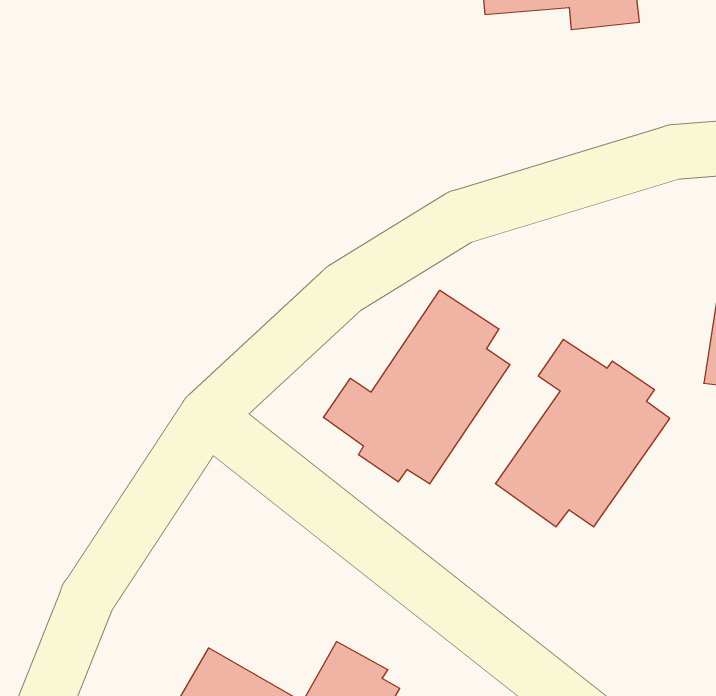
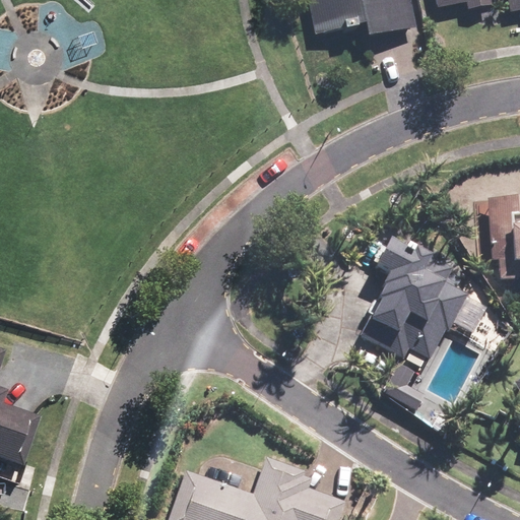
building: [323,290,510,484] -> none

